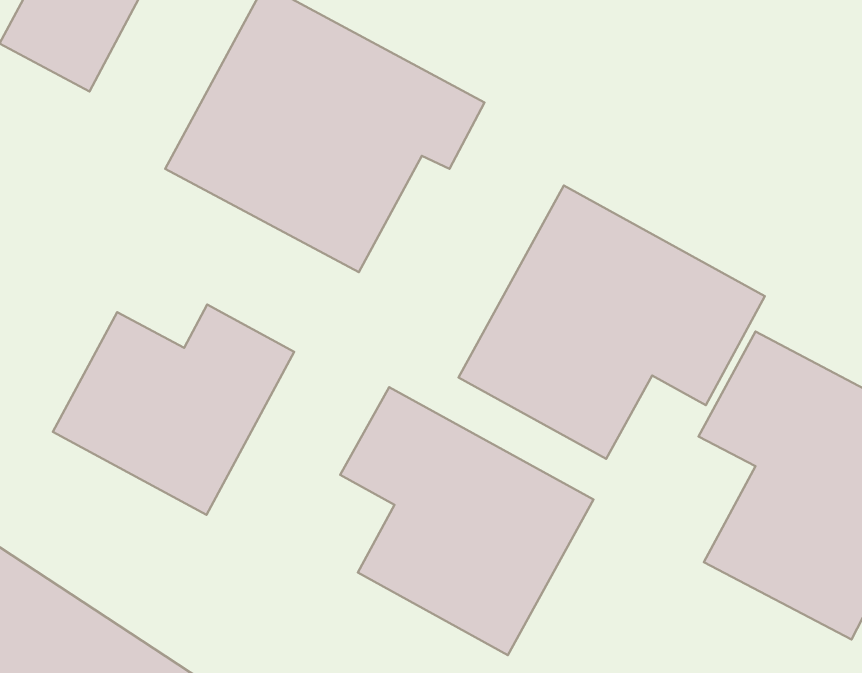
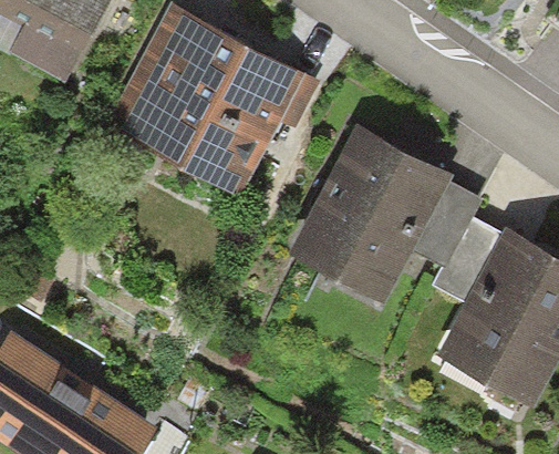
building: [53,305,294,515] -> none
building: [340,387,593,655] -> none

